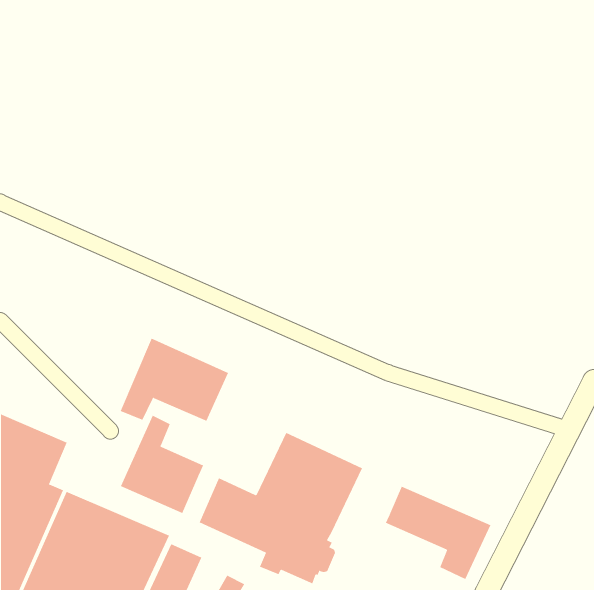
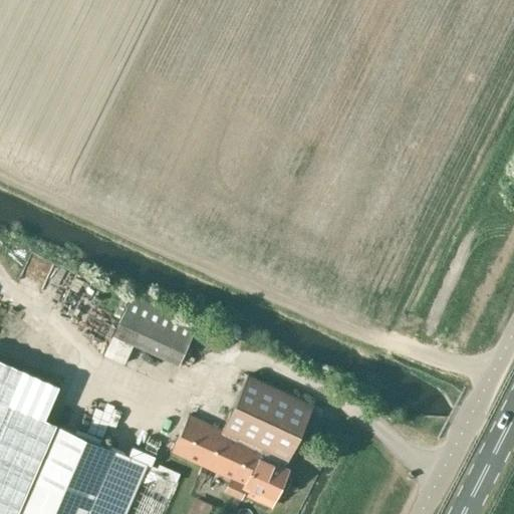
building: [120,415,204,514] -> none
building: [385,486,491,580] -> none

